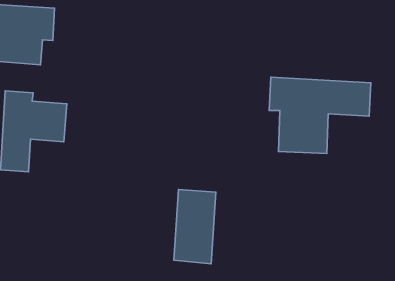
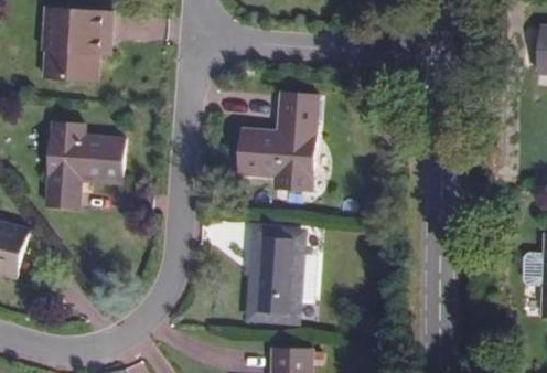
building: none -> [240,93,319,192]
building: [269,77,371,154] -> none

